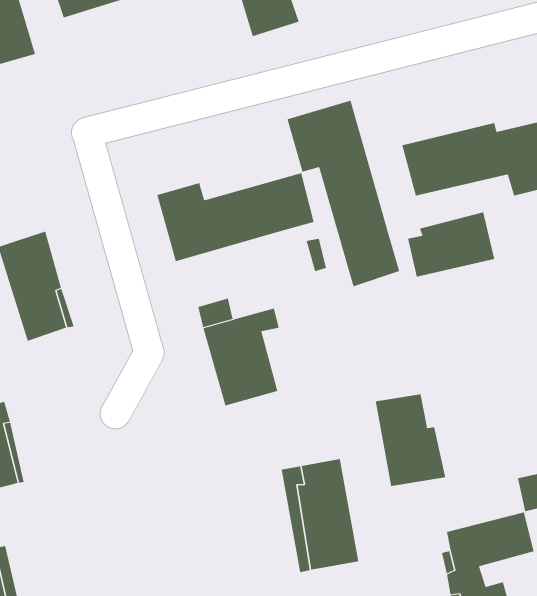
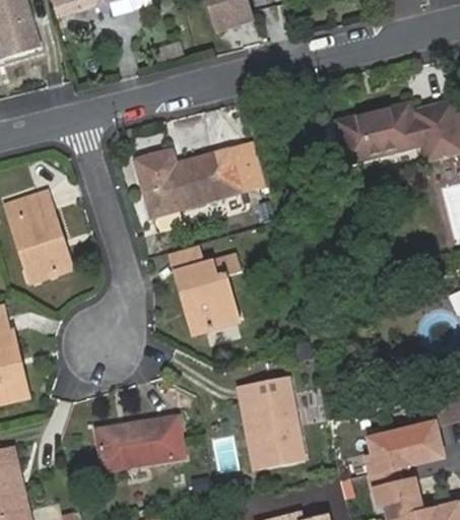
building: [287,100,400,287] -> none
building: [408,211,495,278] -> none
building: [375,394,446,487] -> none
building: none -> [96,416,184,470]

